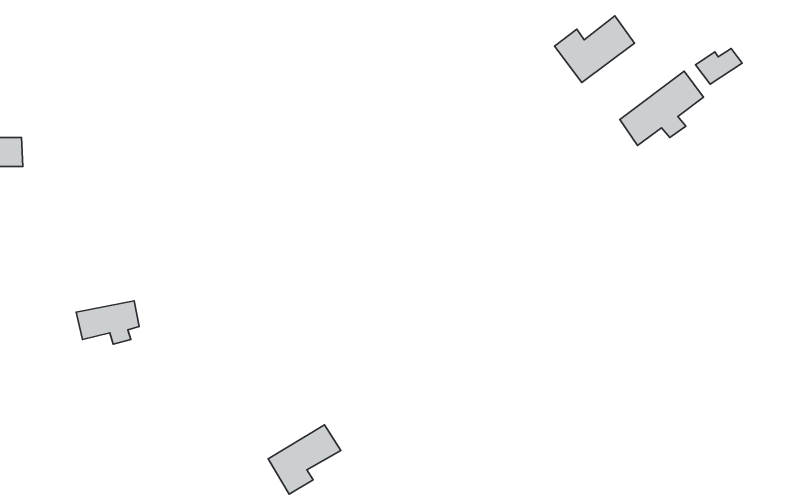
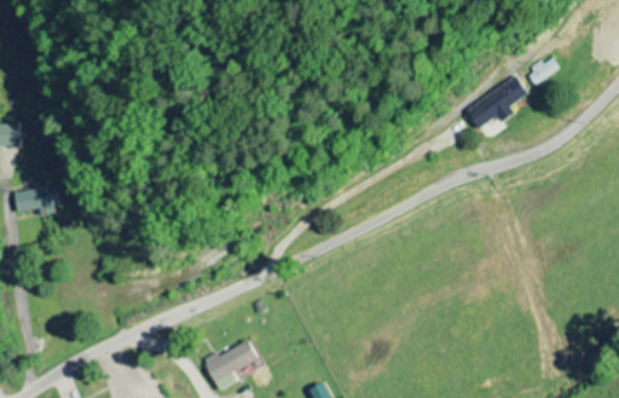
building: [554,16,635,83] -> none
building: [76,301,139,344] -> [12,184,59,217]

